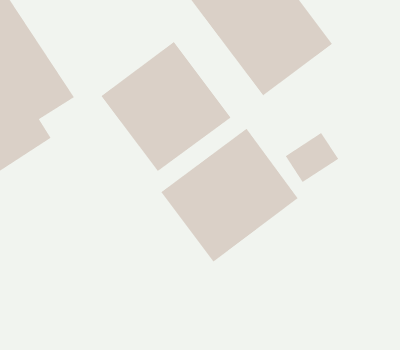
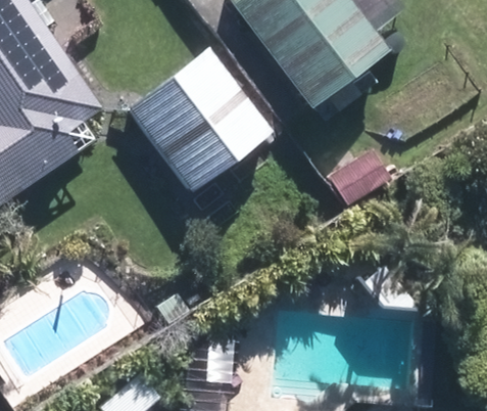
building: [161,128,299,263] -> none

